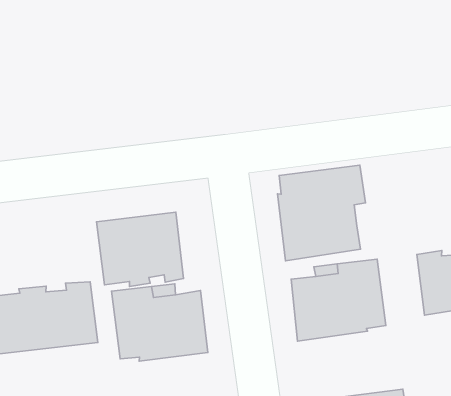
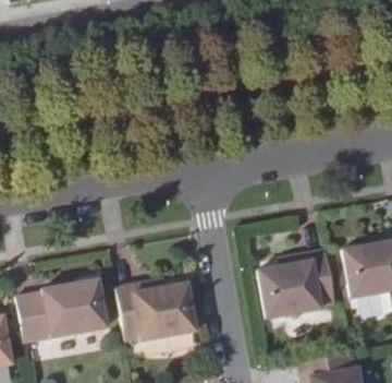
building: [277,165,366,261] -> none
building: [97,212,183,286] -> none

